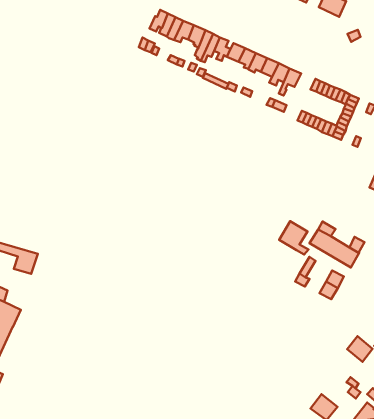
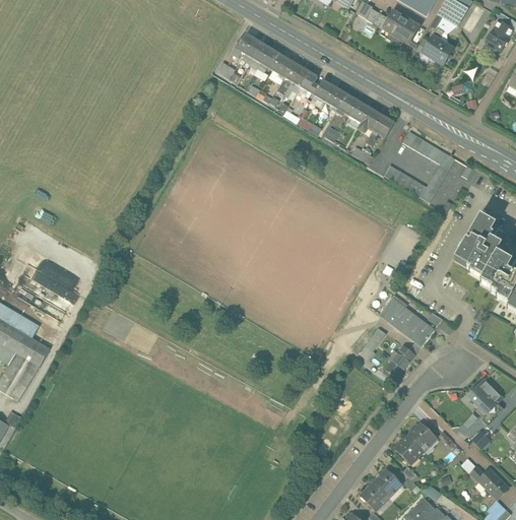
building: [279,221,308,255] -> none
building: none -> [394,435,423,464]
building: none -> [373,468,401,498]

